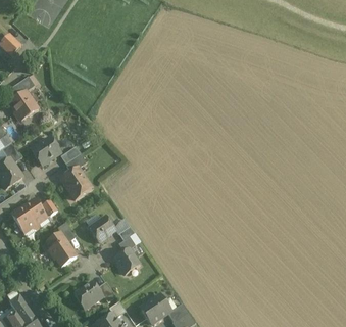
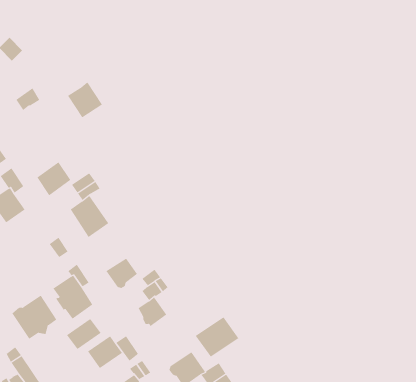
building: [8,91,38,121] -> [67,82,103,118]
building: [9,197,47,234] -> [11,295,57,339]
building: none -> [195,316,239,357]
building: none -> [66,318,102,350]

